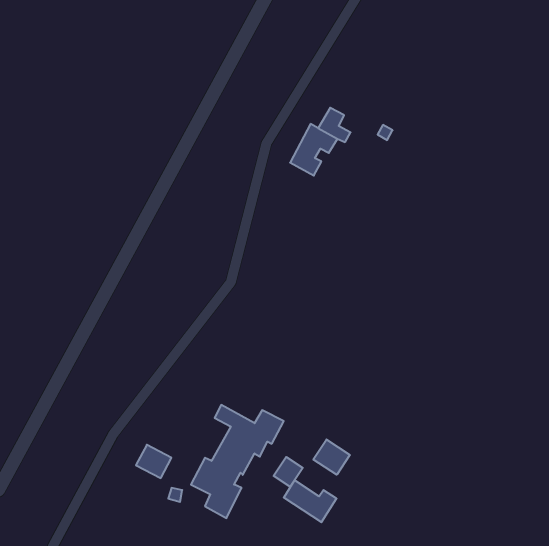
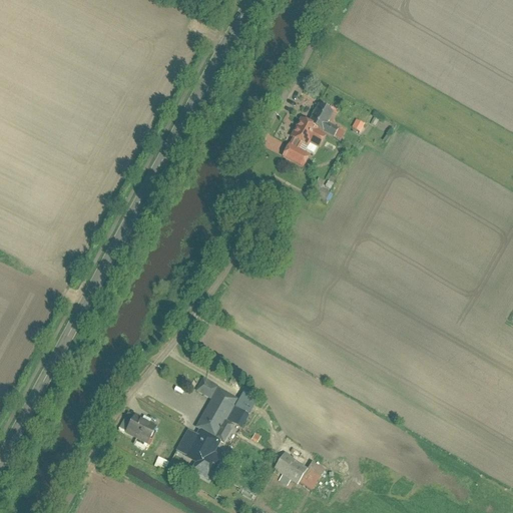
building: [313,439,350,475] -> none
building: [274,457,303,487] -> none

